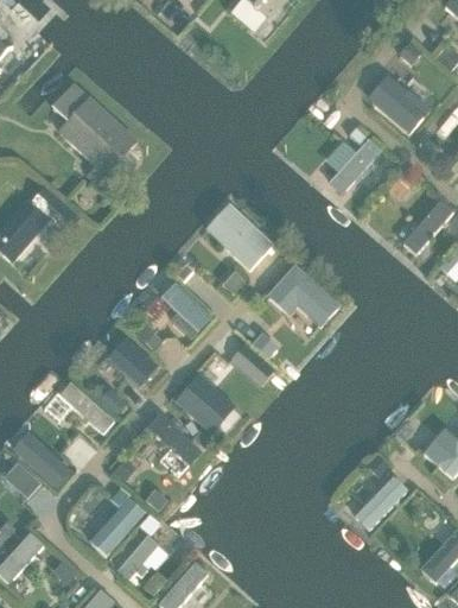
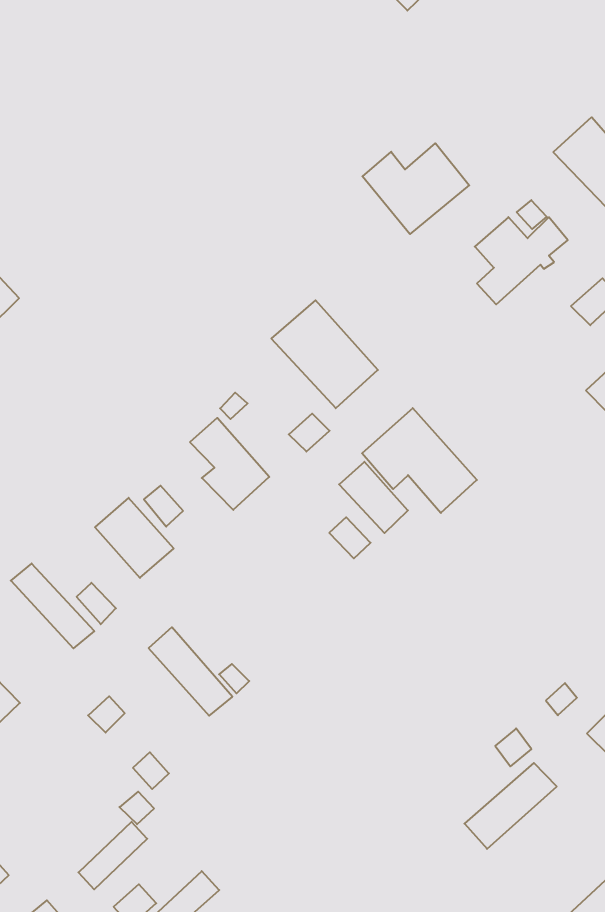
building: [52,84,135,183] -> none
building: none -> [362,143,469,234]
building: [230,344,274,387] -> [339,462,408,533]
building: [176,374,234,430] -> none
building: [89,498,144,555] -> none

